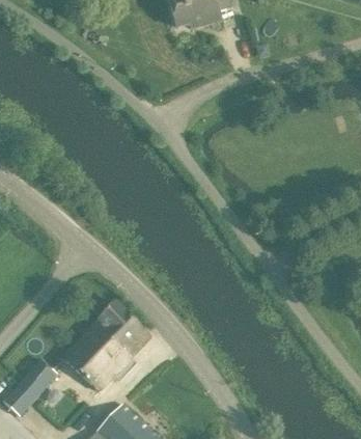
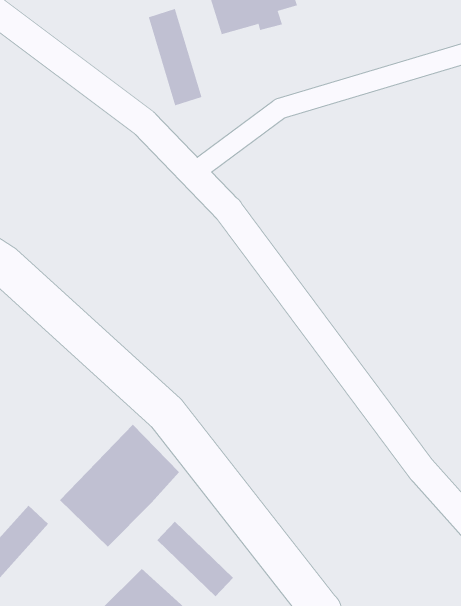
building: none -> [148,8,202,106]
building: none -> [156,521,234,597]

